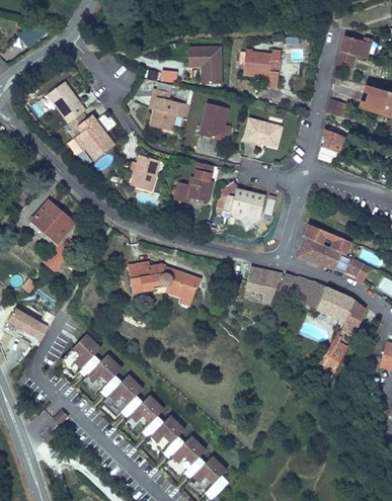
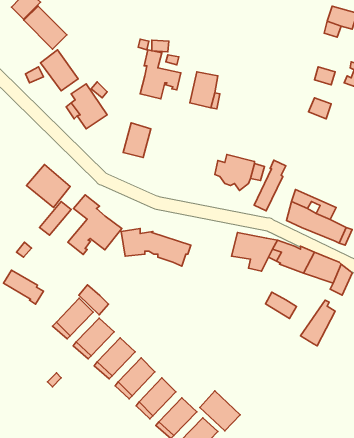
building: none -> [24,6,67,49]
building: [190,46,223,83] -> none
building: [245,49,284,85] -> none
building: [245,116,283,146] -> none
building: [175,162,217,201] -> none
building: none -> [254,160,286,211]
building: none -> [68,195,122,254]
building: none -> [79,285,109,315]
building: none -> [265,292,297,319]
building: none -> [200,391,240,431]

